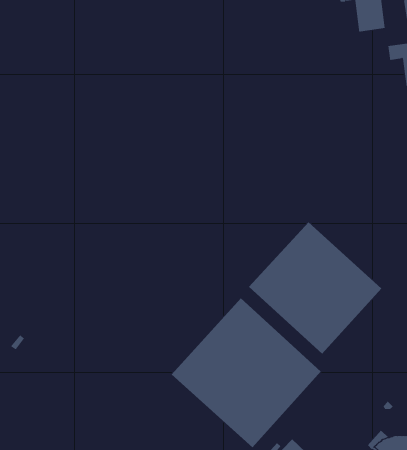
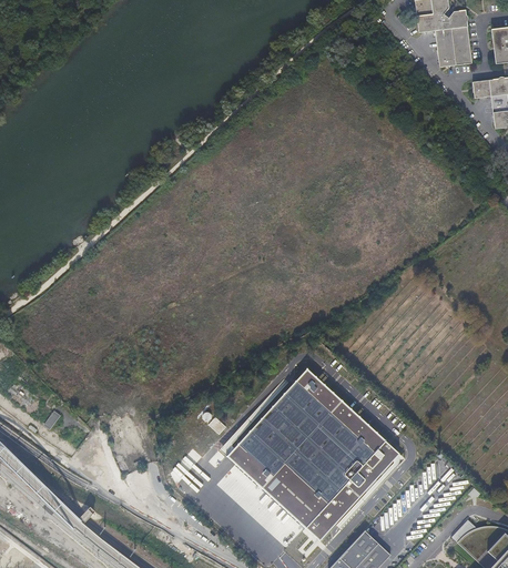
building: [248,222,382,354] -> none

